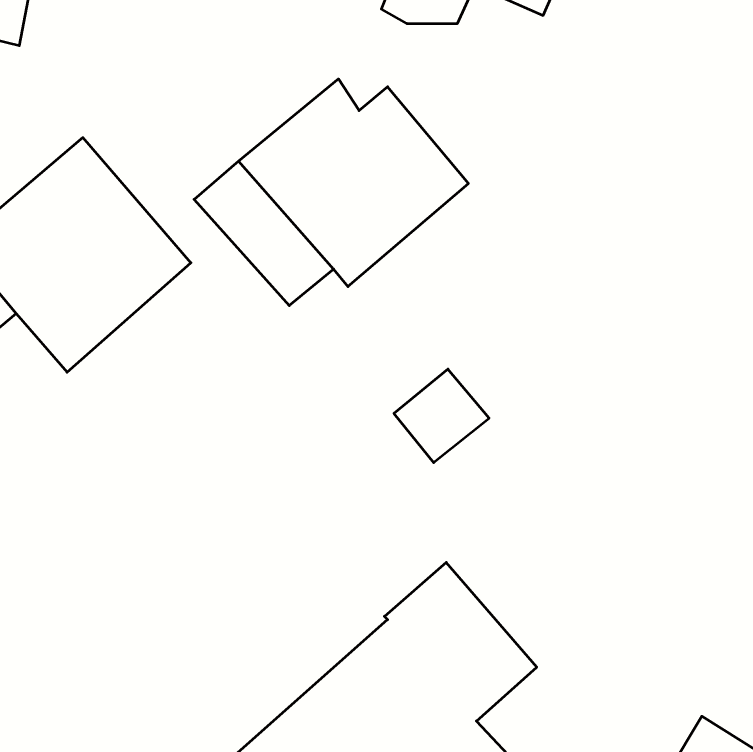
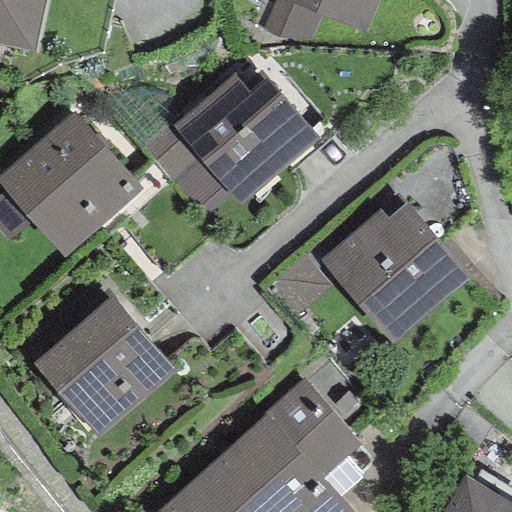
building: none -> [321,203,467,342]
building: none -> [33,295,176,438]

